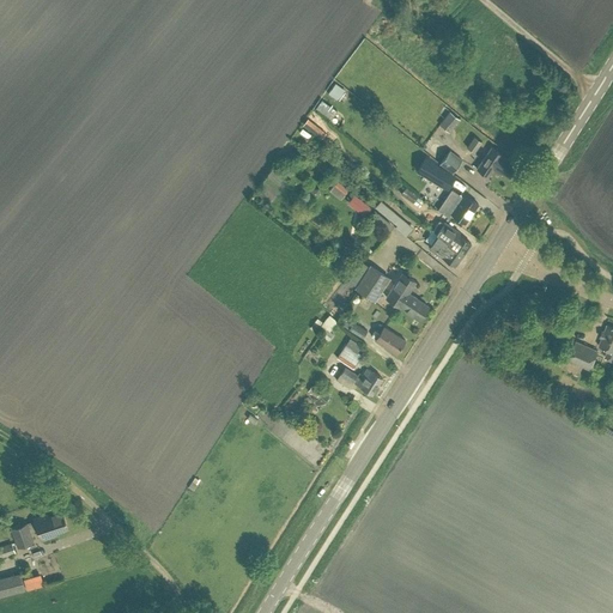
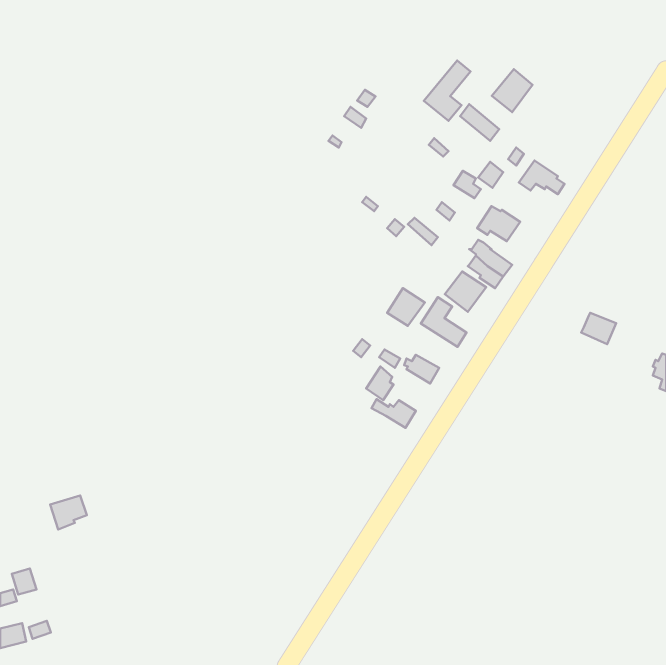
building: none -> [424,60,470,121]
building: none -> [492,69,533,112]
building: none -> [445,272,486,312]
building: [568,341,600,370] -> [581,313,616,344]
building: [34,510,67,541] -> [50,495,87,529]

